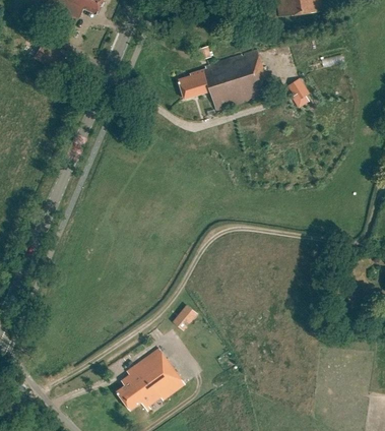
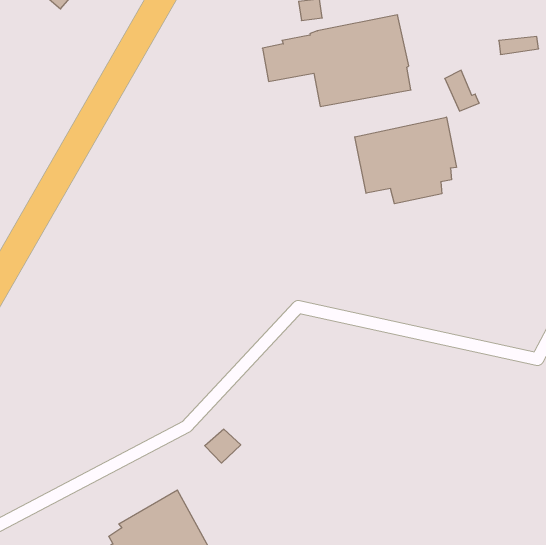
building: none -> [355,117,456,204]

